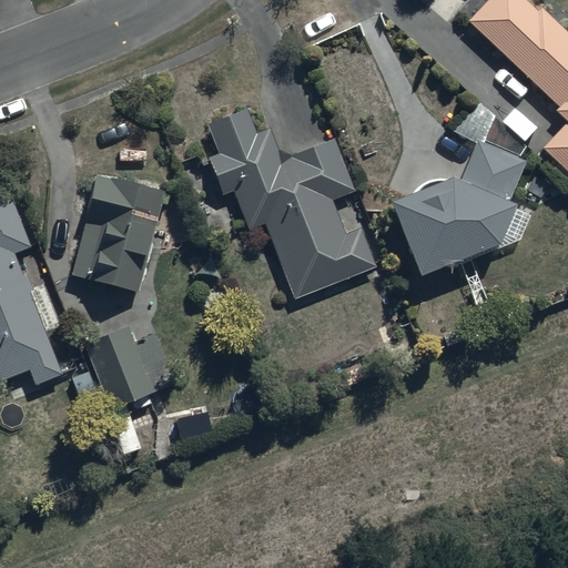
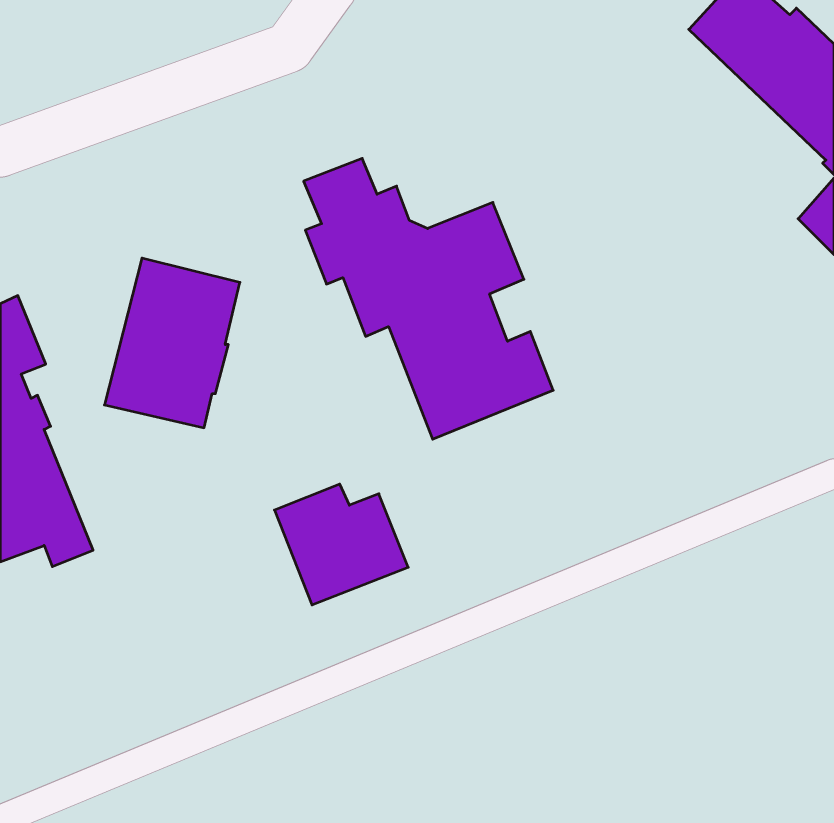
building: [390,136,531,283] -> none
building: [83,325,174,407] -> [274,484,408,605]

